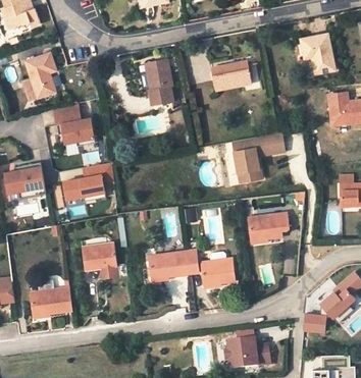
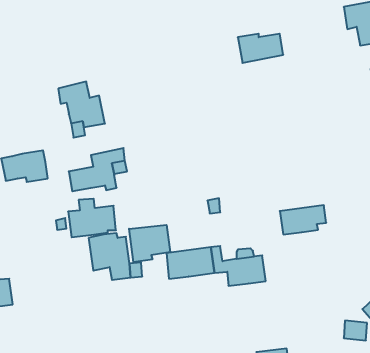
building: [20,53,55,100] -> none
building: [145,59,178,104] -> none
building: [230,132,282,181] -> none
building: none -> [129,225,170,262]
building: [29,281,70,315] -> [68,199,116,237]

